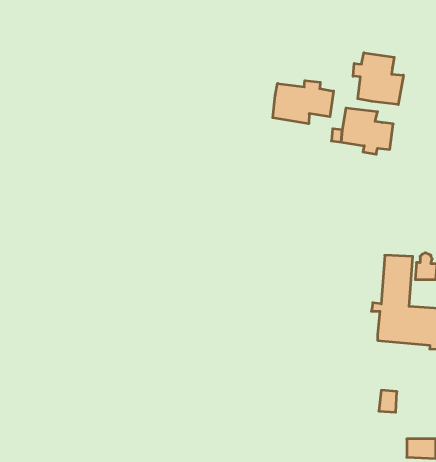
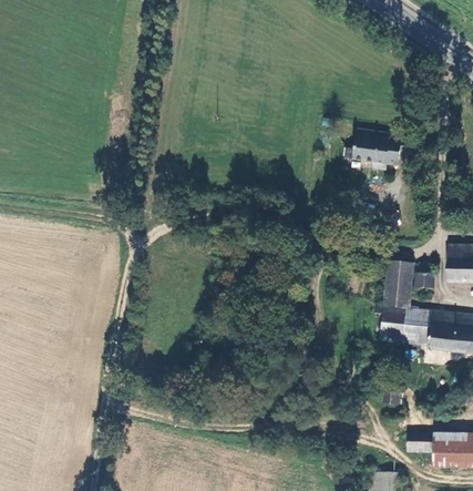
building: [353,53,403,105] -> none
building: [273,81,334,124] -> none

